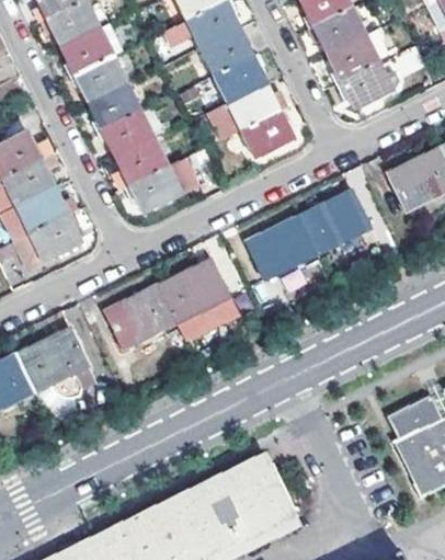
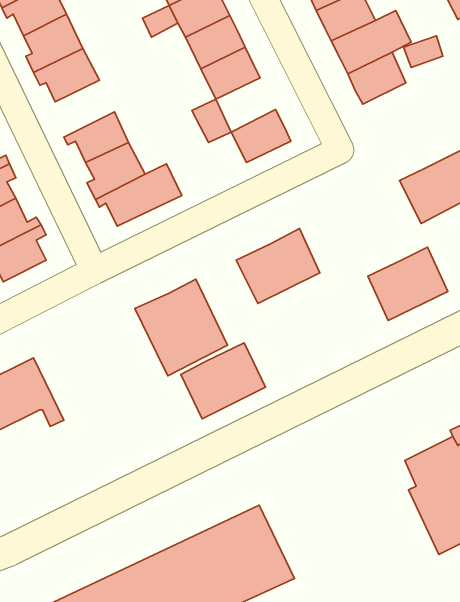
building: [228,84,279,132] -> none
building: [89,87,140,136] -> none
building: [300,190,369,253] -> [368,247,448,321]
building: [103,284,176,350] -> [181,343,266,419]

